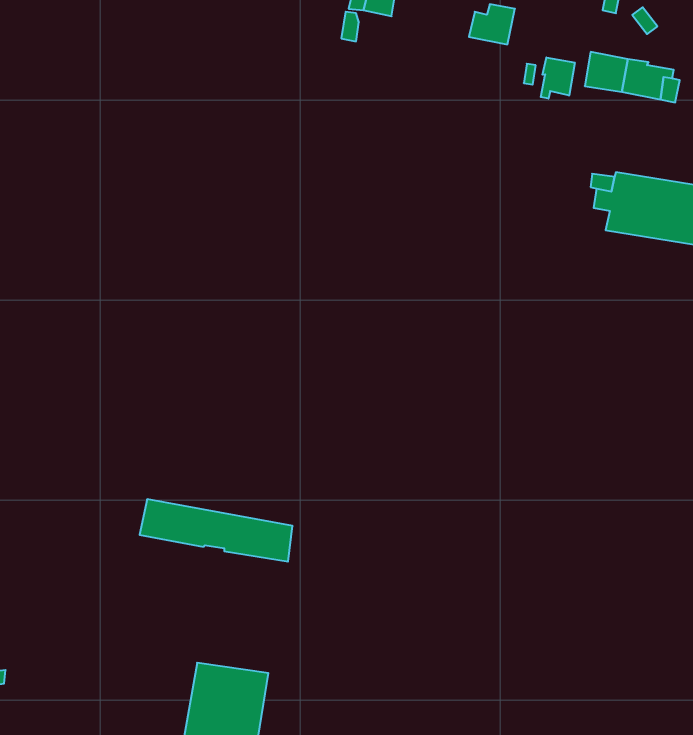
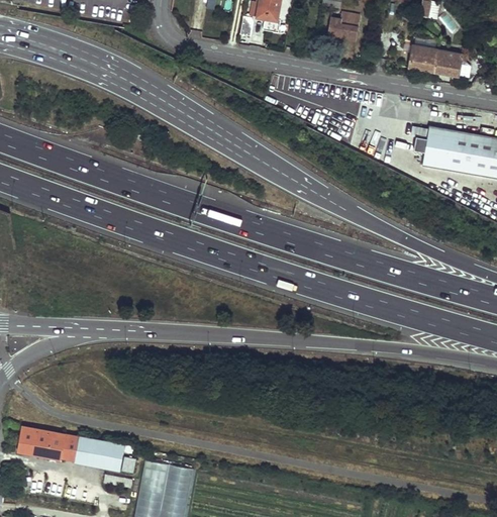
building: [541,57,575,99] -> none
building: [140,499,293,562] -> [19,426,123,469]

